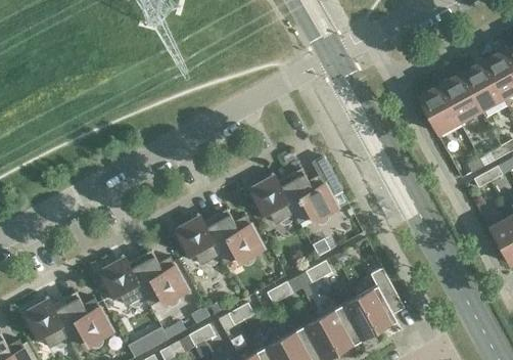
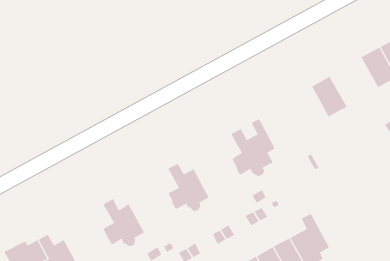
building: [418,86,460,134] -> [312,76,348,117]
building: [249,173,300,226] -> none
building: [175,214,227,266] -> none
building: [99,255,151,308] -> none

